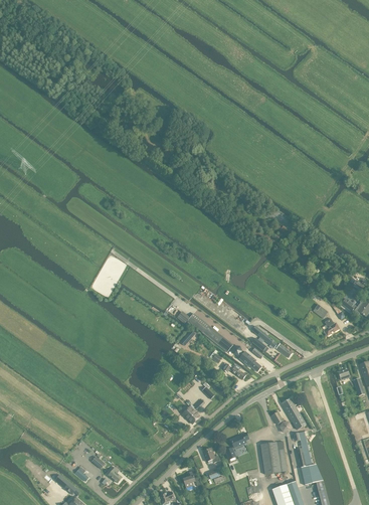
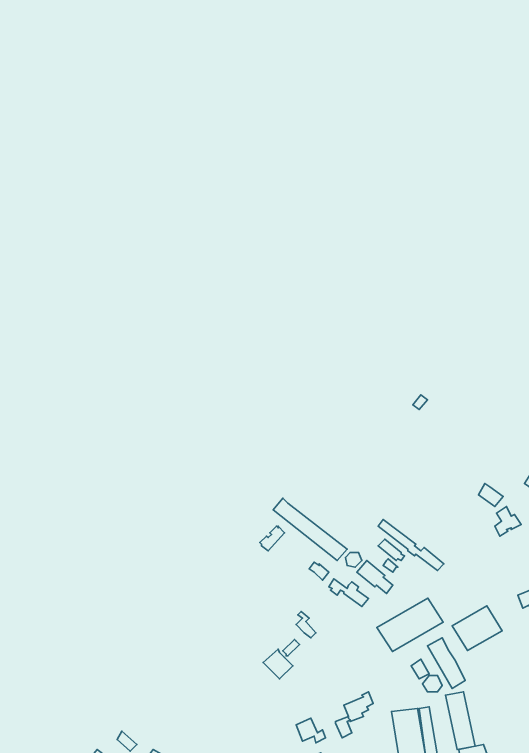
building: none -> [377,598,443,652]
building: none -> [452,606,502,651]

